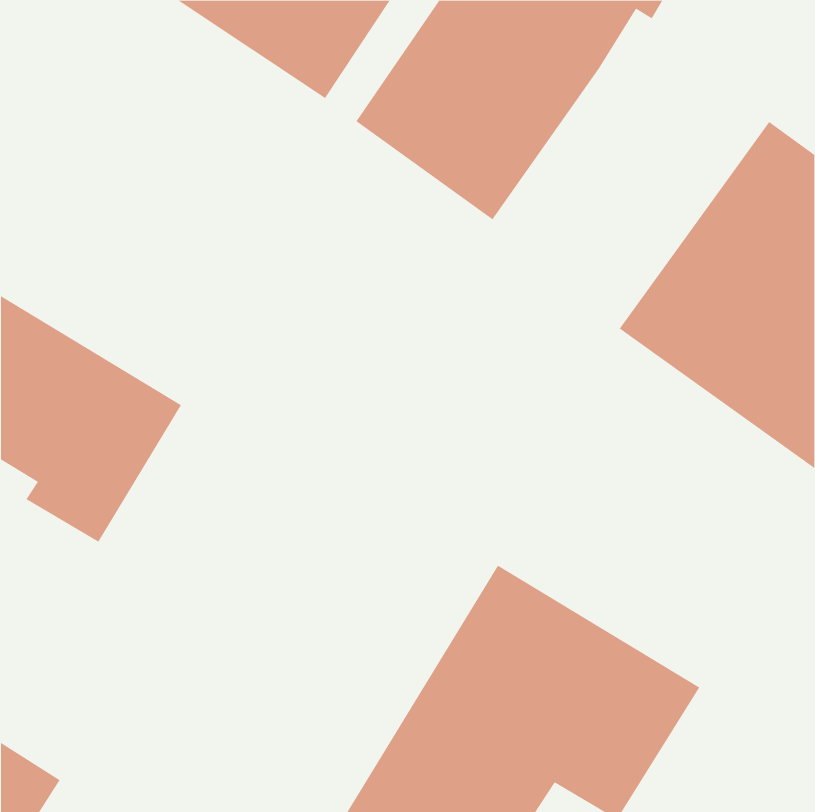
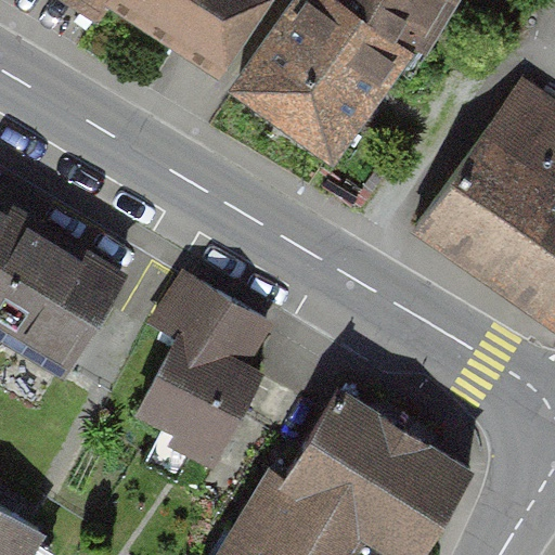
building: none -> [145,275,268,462]

